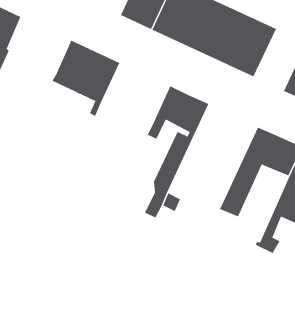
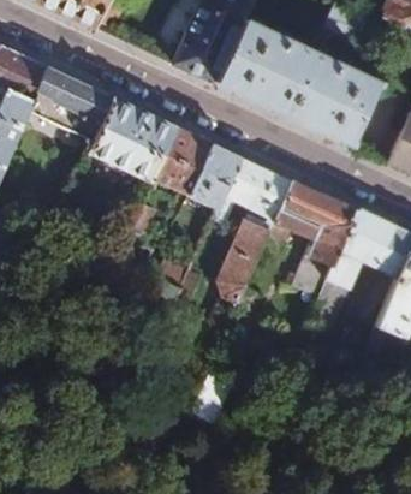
building: none -> [26,65,109,138]
building: none -> [150,125,239,208]
building: none -> [267,179,355,297]

